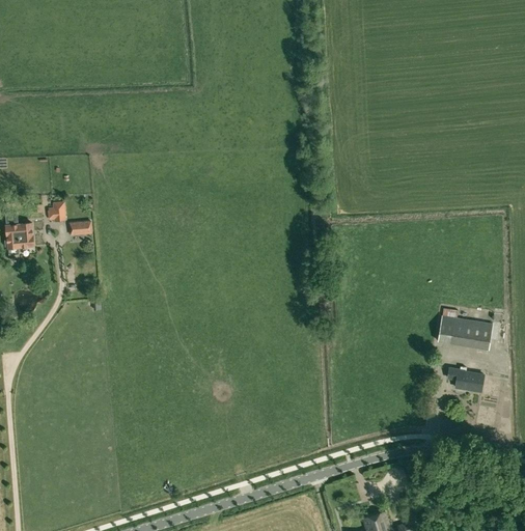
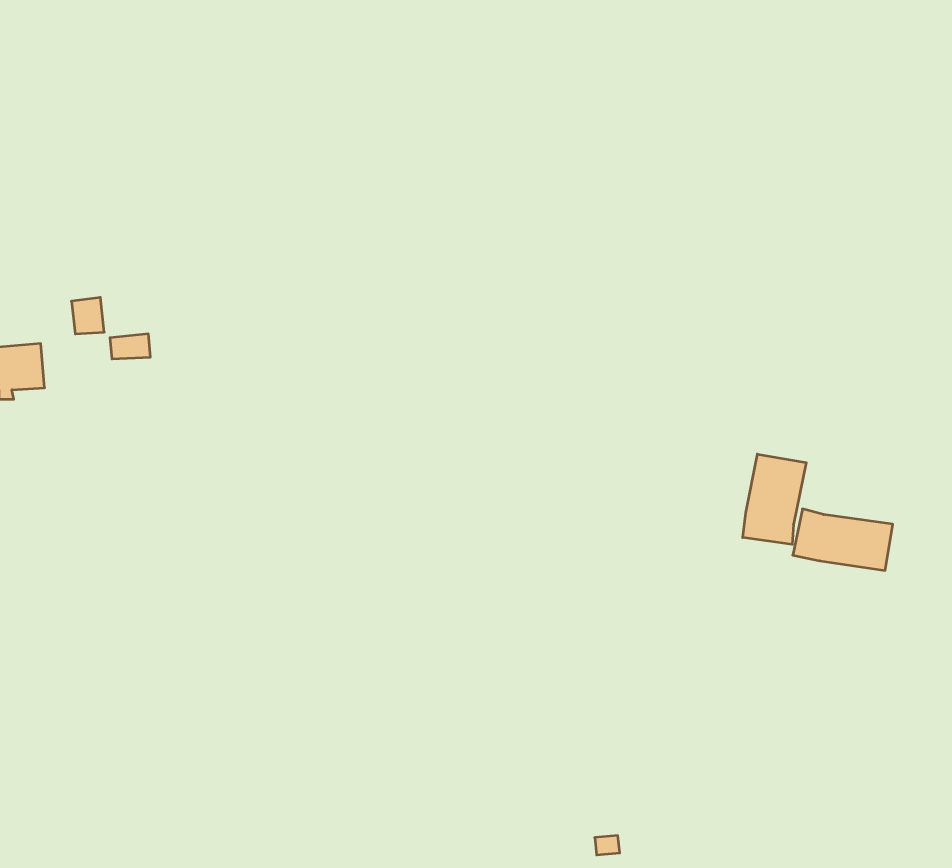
building: none -> [743,454,806,544]
building: [447,366,483,391] -> none

